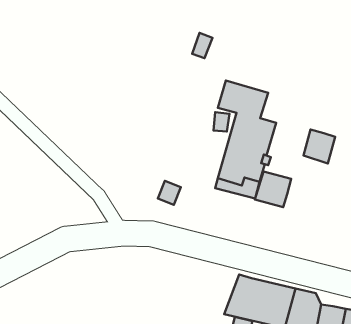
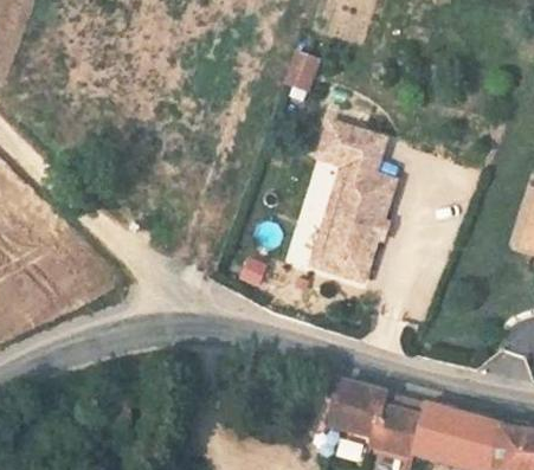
building: [303,129,335,163] -> none
building: [255,172,291,207] -> none

